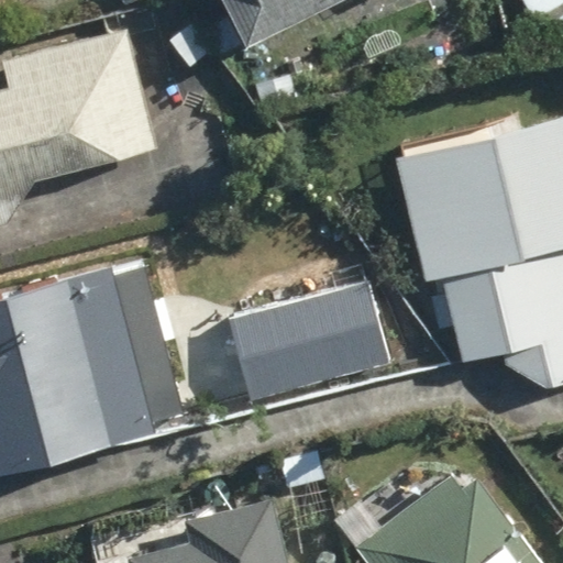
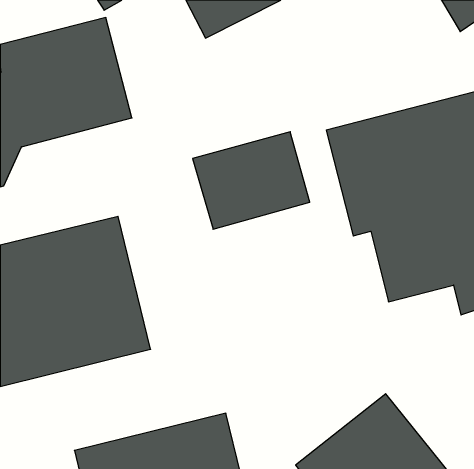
building: [250,283,388,398] -> [193,132,310,229]

